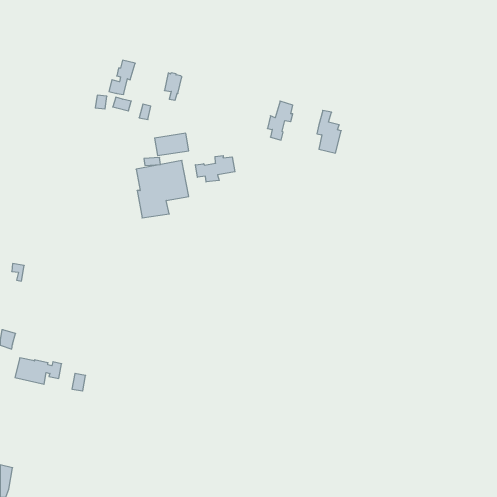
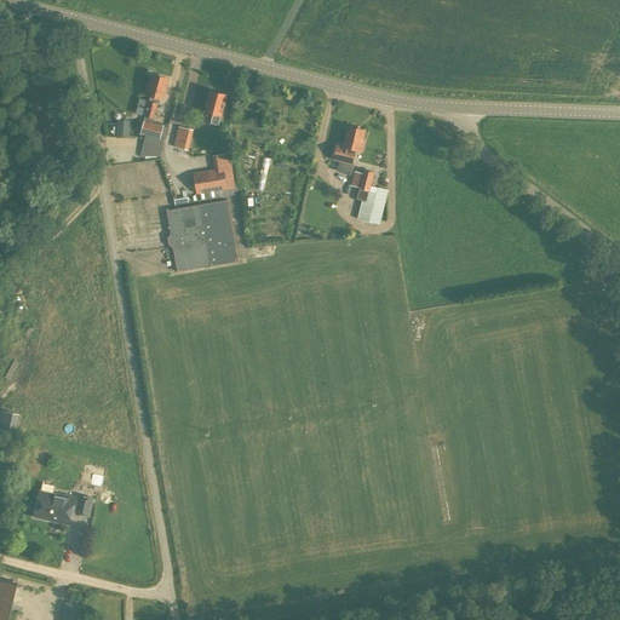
building: [317,110,341,153] -> [356,171,386,224]
building: [195,156,235,182] -> none
building: [15,358,62,384] -> [34,492,92,524]

